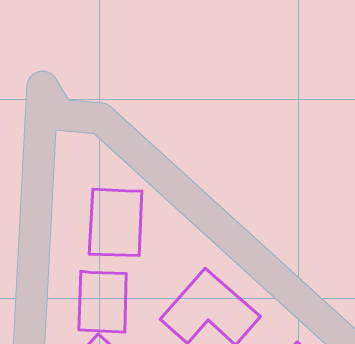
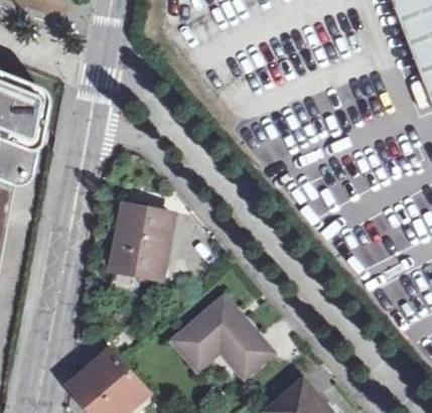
building: [79,271,126,332] -> none

